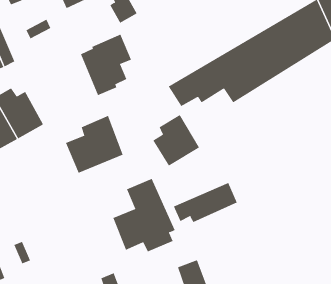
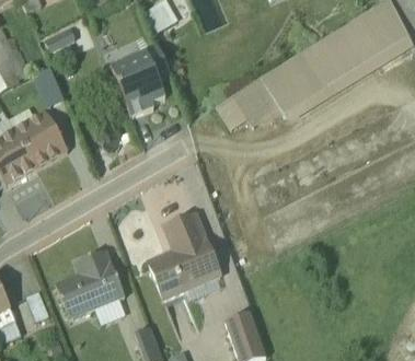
building: none -> [33,68,62,107]
building: [152,114,200,166] -> none
building: [65,115,123,173] -> [54,251,123,319]
building: [173,182,238,223] -> none

